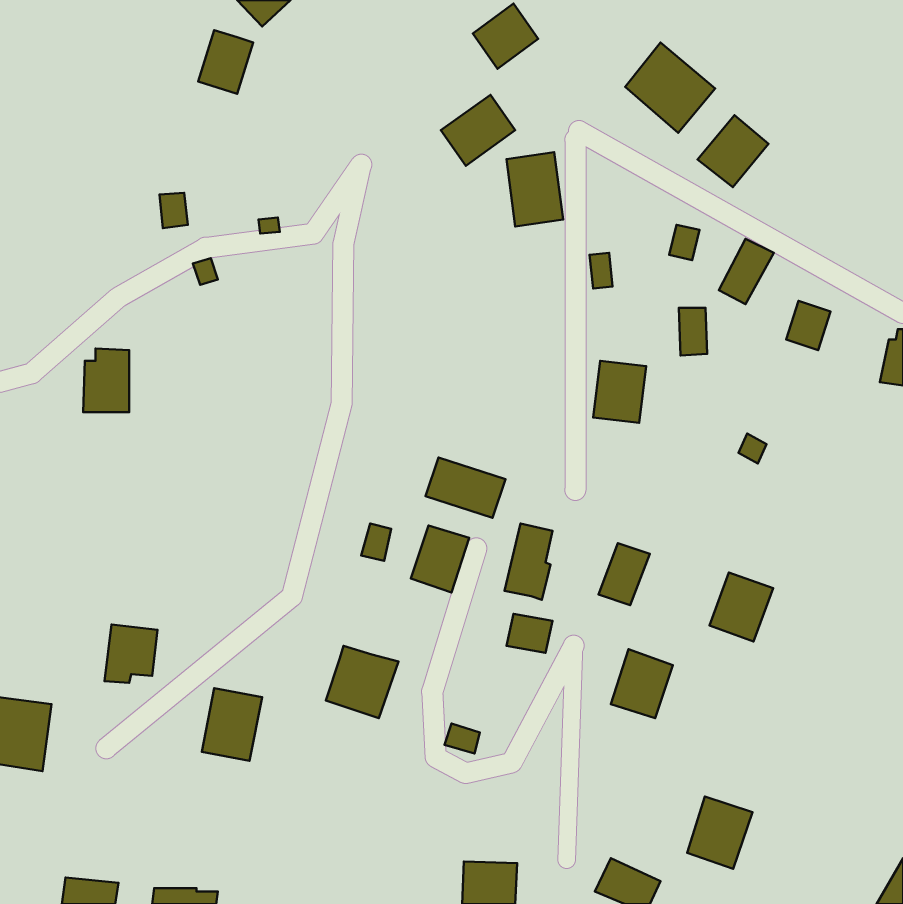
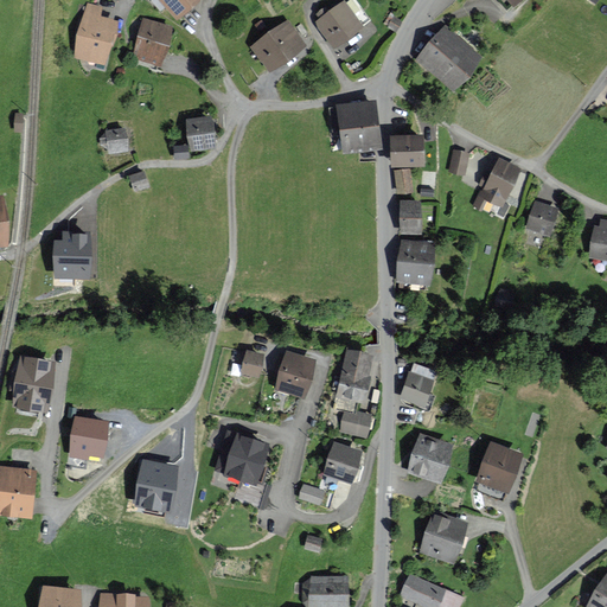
building: none -> [75,6,116,64]
building: [441,95,515,166] -> [253,24,302,71]
building: [697,115,769,187] -> none
building: none -> [187,117,212,149]
building: none -> [391,138,423,165]
building: [679,308,707,355] -> [401,202,420,234]
building: [425,457,506,518] -> none
building: none -> [14,358,52,410]
building: [709,572,773,641] -> [478,445,520,491]
building: none -> [325,445,358,481]
building: [687,796,753,869] -> [421,513,465,562]

